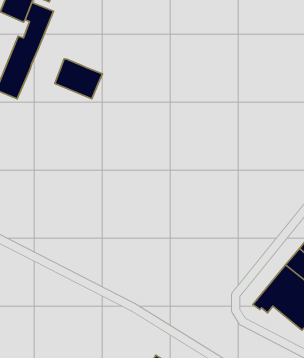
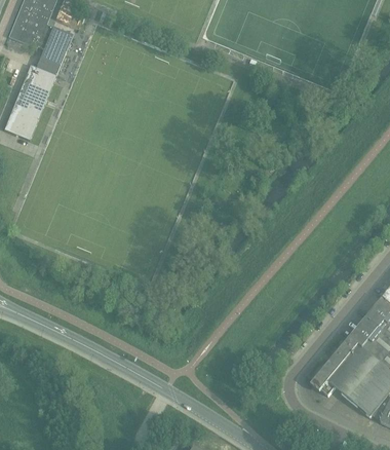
building: [55,59,102,99] -> none

